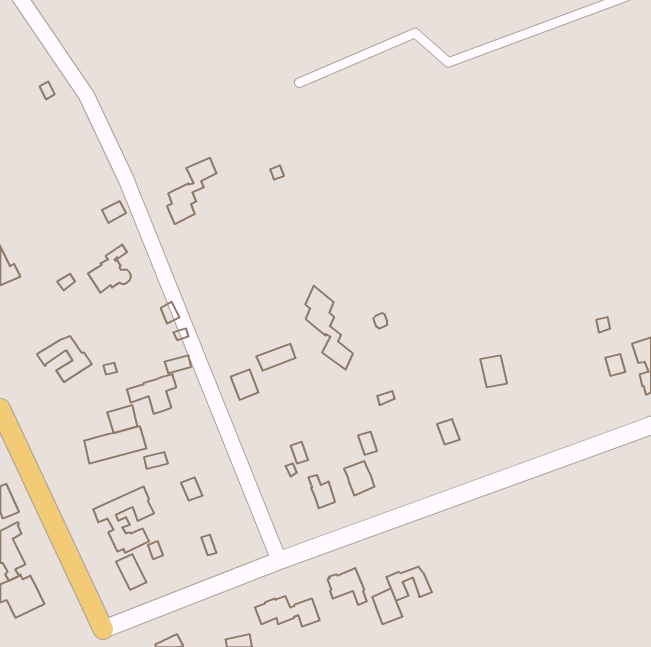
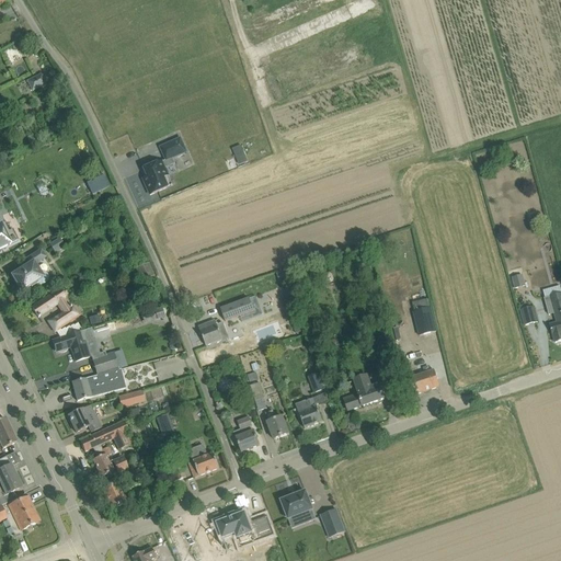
building: [88,244,131,293] -> [11,248,48,289]
building: [305,286,353,370] -> none
building: [127,374,176,414] -> [53,325,95,359]
building: none -> [410,368,439,392]
building: none -> [344,374,385,409]
building: none -> [68,403,101,431]
building: none -> [233,415,260,450]
building: none -> [190,443,219,476]
building: [386,566,432,601] -> none

